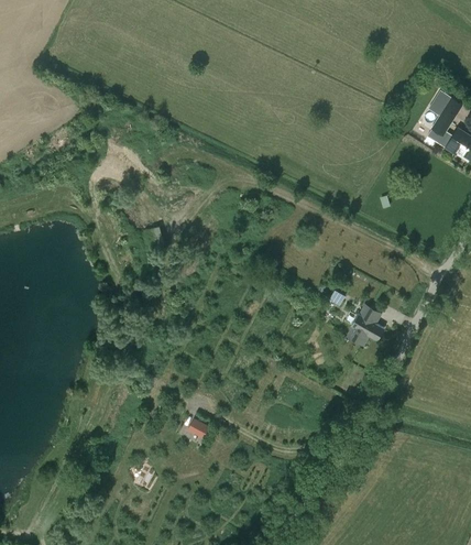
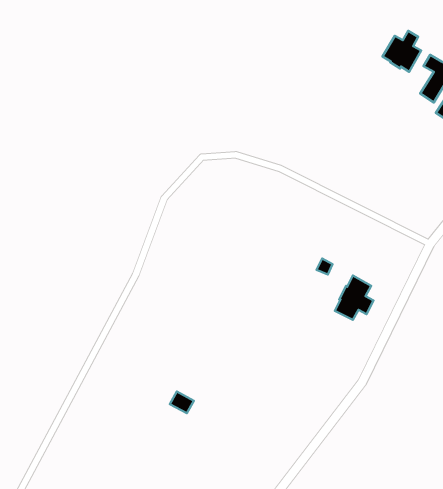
building: none -> [383,31,421,72]

